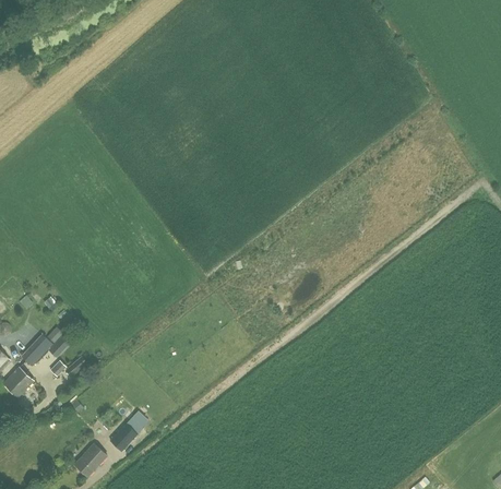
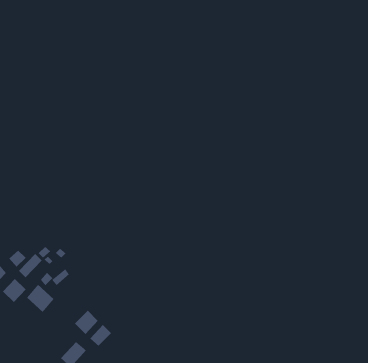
building: none -> [26,284,55,313]
building: none -> [74,310,98,335]

